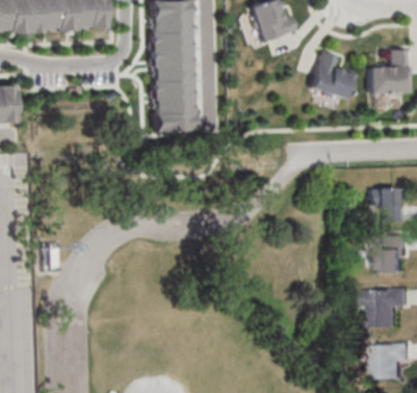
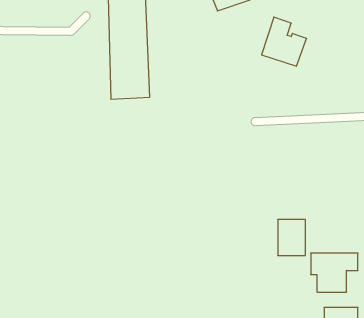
building: [368,49,407,94] -> none
building: [372,188,401,221] -> none
building: [374,236,402,272] -> [278,220,305,255]

